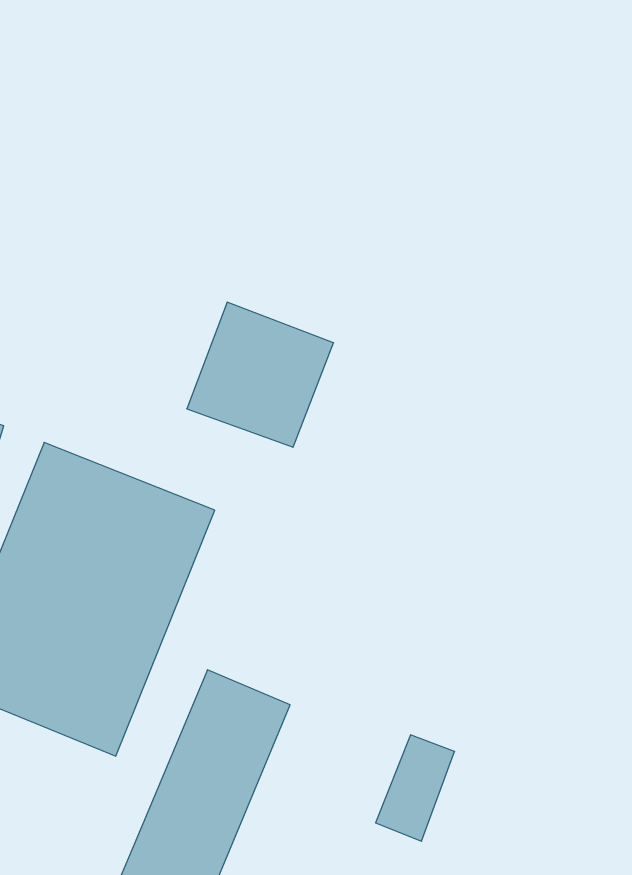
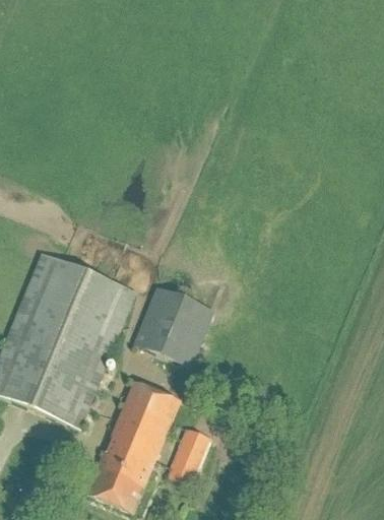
building: [187,302,334,447] -> [133,285,214,366]
building: [376,735,455,841] -> [167,428,210,486]

